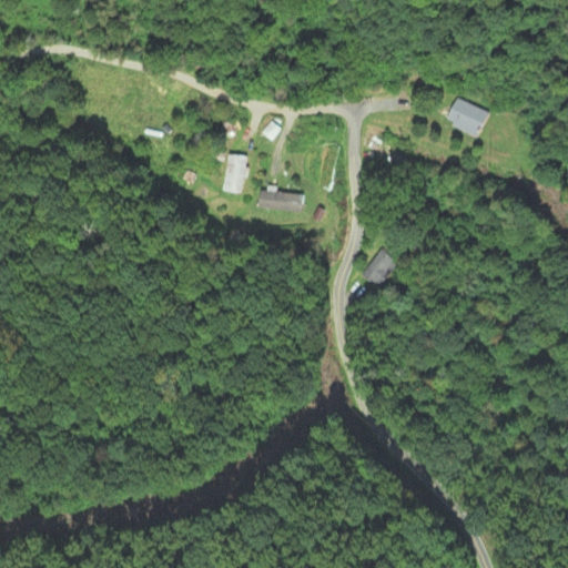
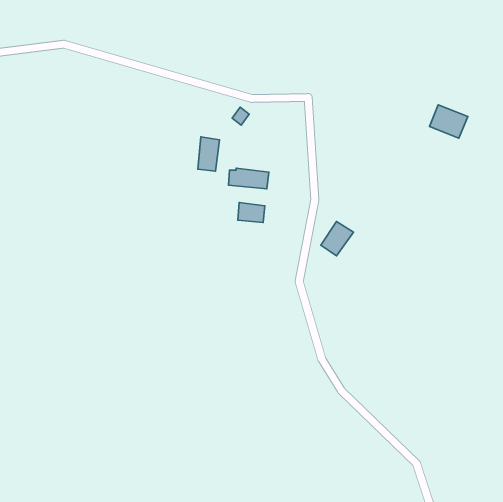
building: [445,99,488,136] -> [429,105,468,138]
building: none -> [238,203,265,222]

